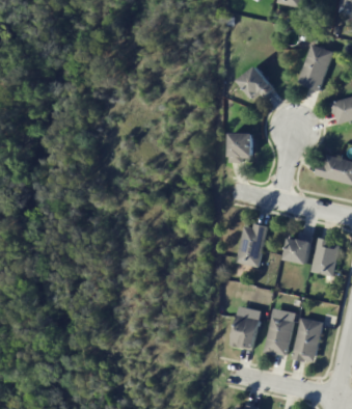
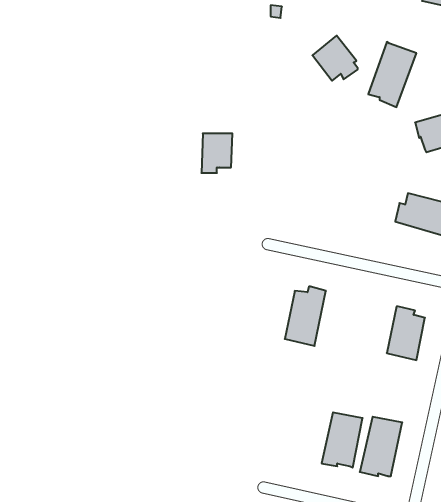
building: [239,66,272,100] -> [312,36,358,81]
building: [231,133,253,162] -> [201,133,232,173]
building: [285,237,312,263] -> none
building: [231,312,259,350] -> none

